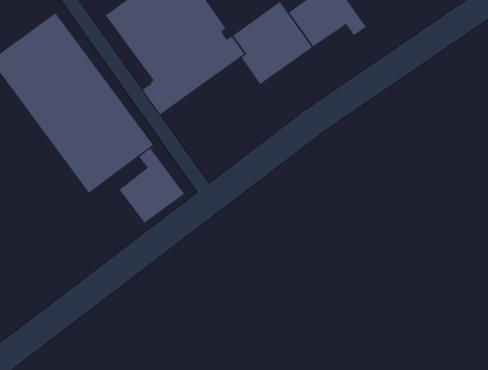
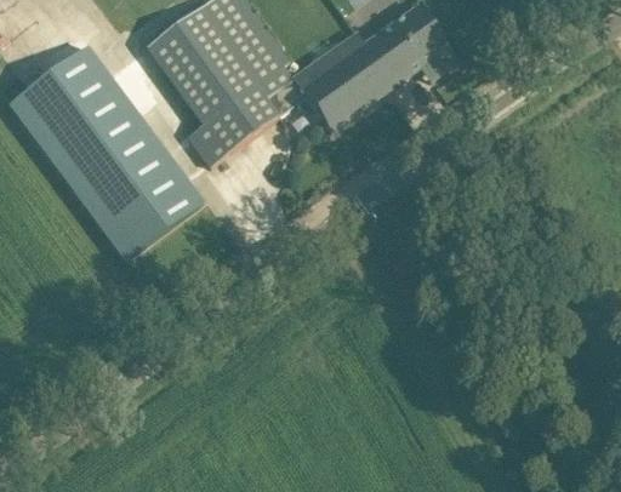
building: [119,148,185,224] -> none

